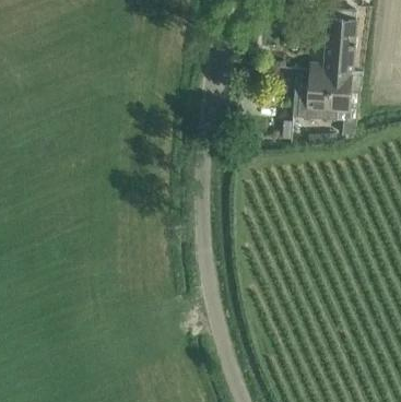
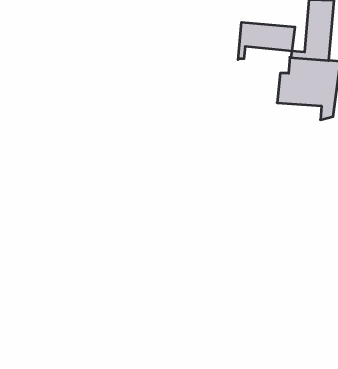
building: none -> [238,22,295,60]

